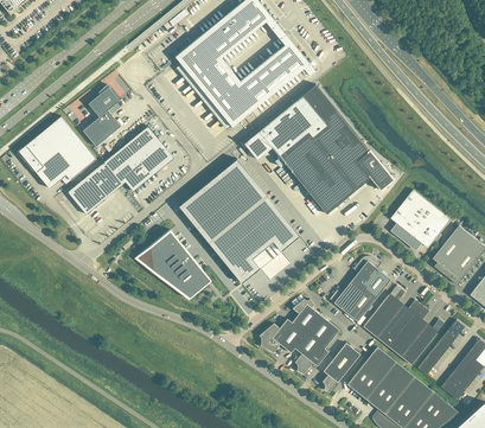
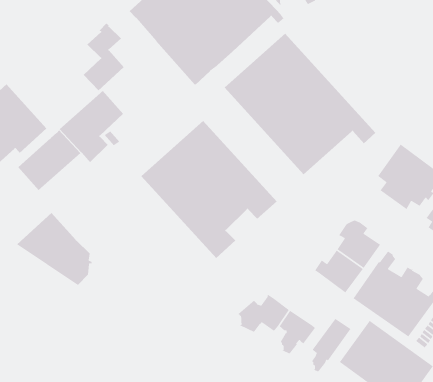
building: [82,85,120,147] -> [83,22,125,91]
building: [135,231,203,299] -> [16,212,92,286]
building: [291,299,338,349] -> none

